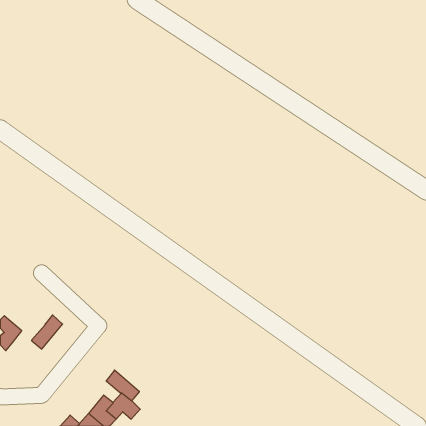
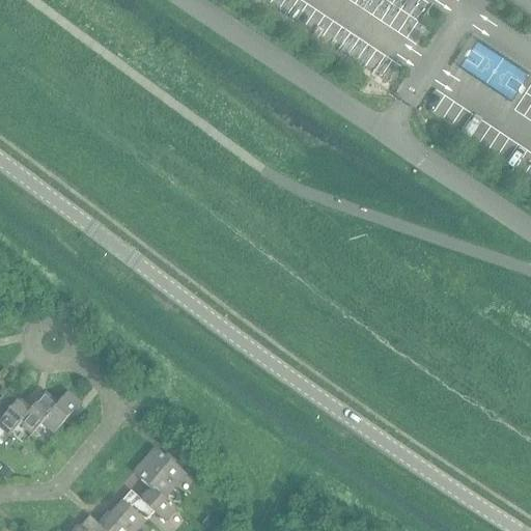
building: none -> [18,392,57,435]
building: none -> [143,447,186,486]

